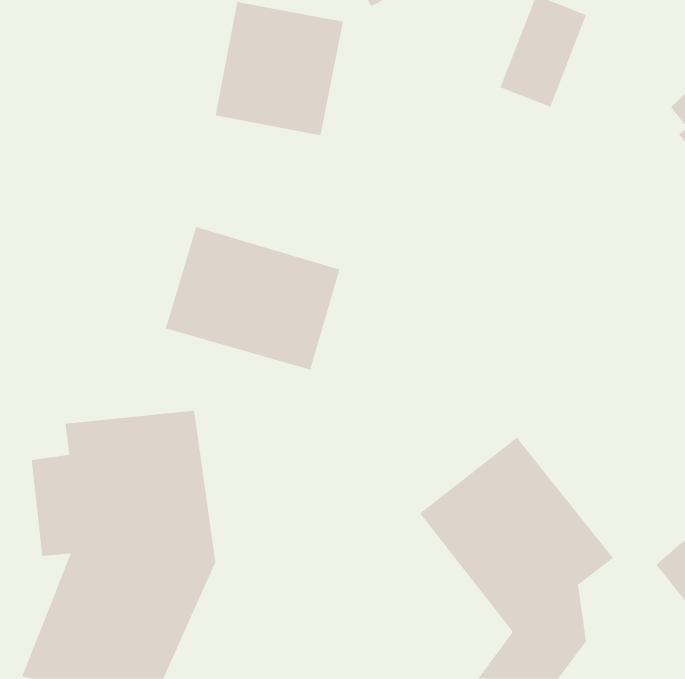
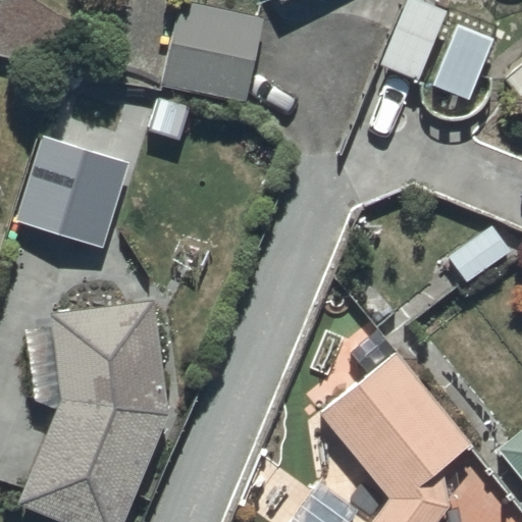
building: none -> [17,139,127,247]
building: [165,226,340,371] -> none

